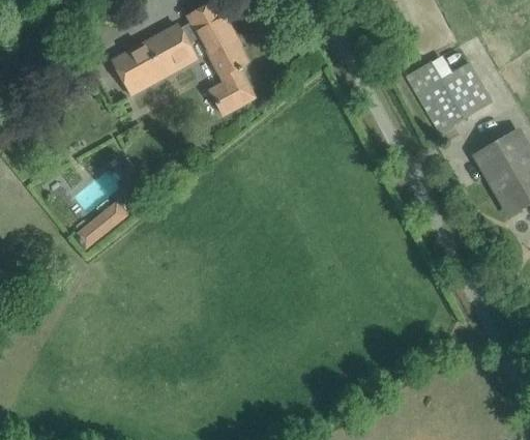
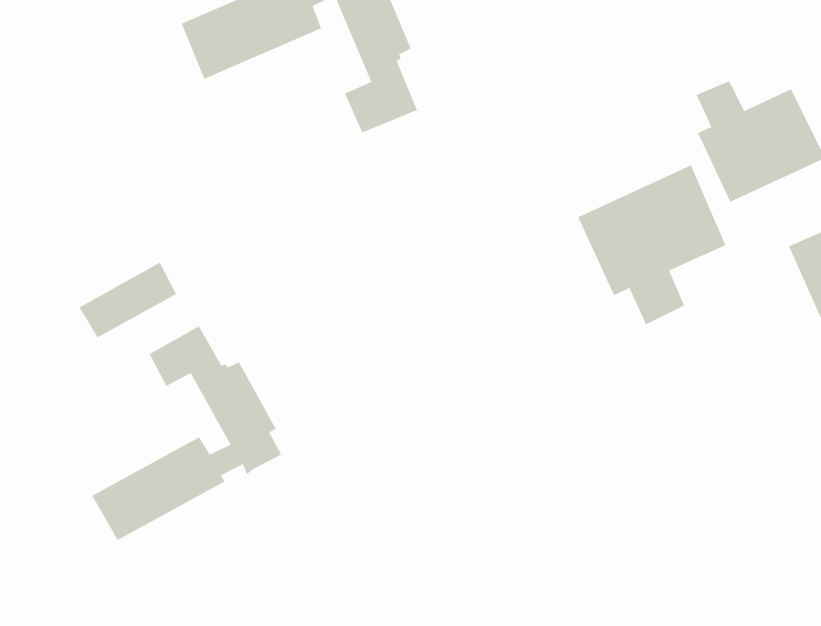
building: none -> [578,164,726,325]
building: none -> [91,325,282,541]

